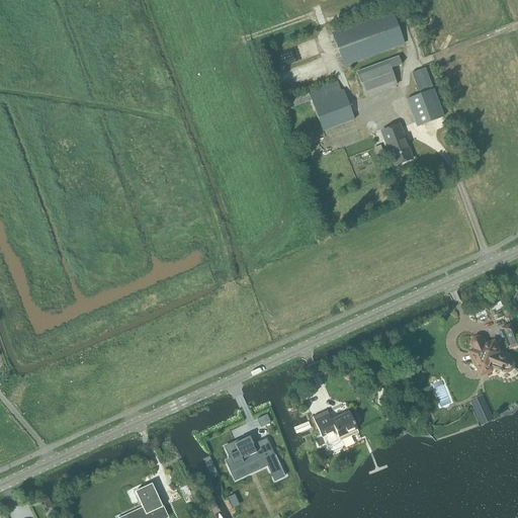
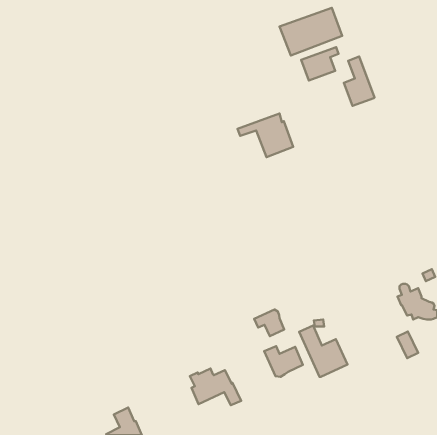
building: [288,79,354,131] -> [237,114,293,157]
building: [381,123,412,165] -> none
building: none -> [254,310,284,336]
building: none -> [299,326,347,377]

